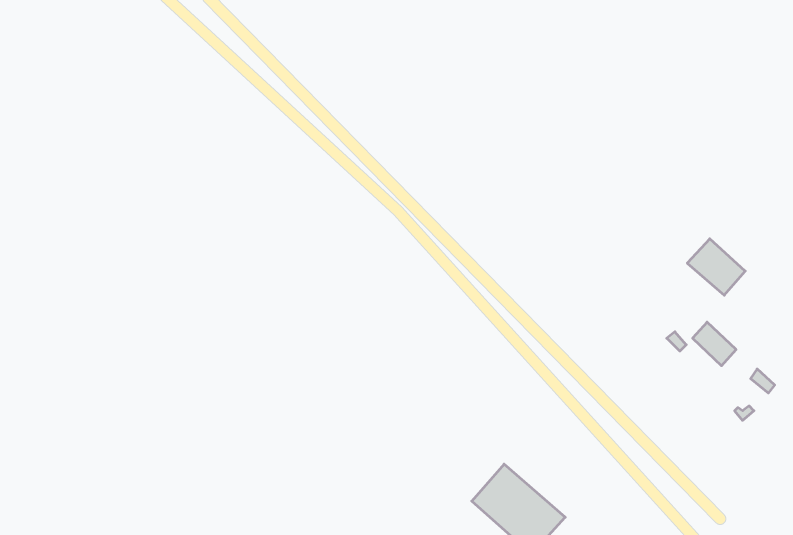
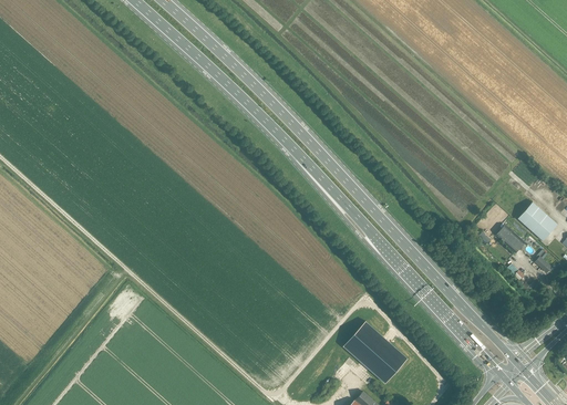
building: [687,239,745,295] -> [517,202,557,241]

